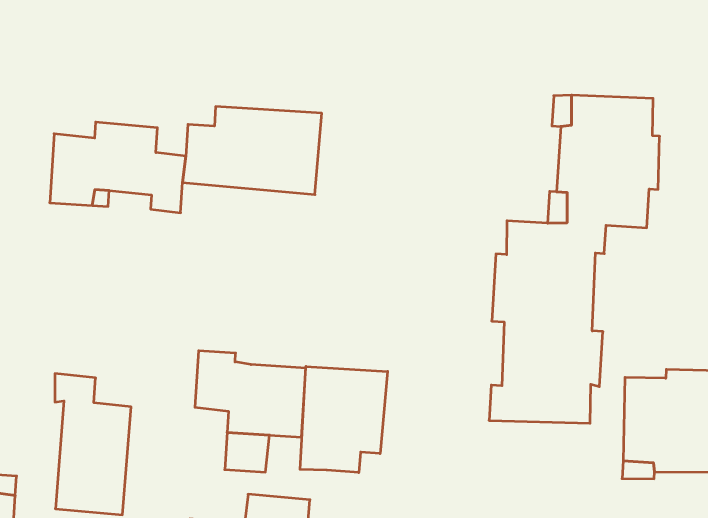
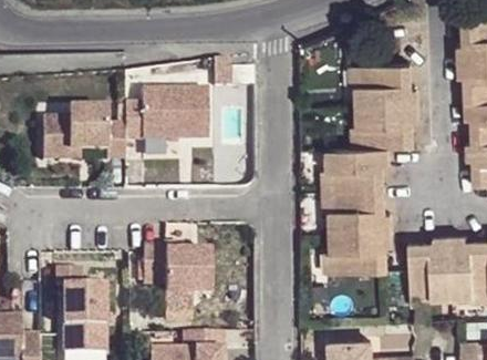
building: [300,366,388,473] -> none

